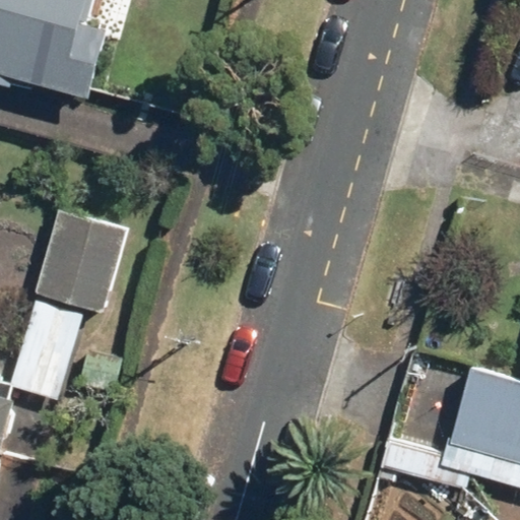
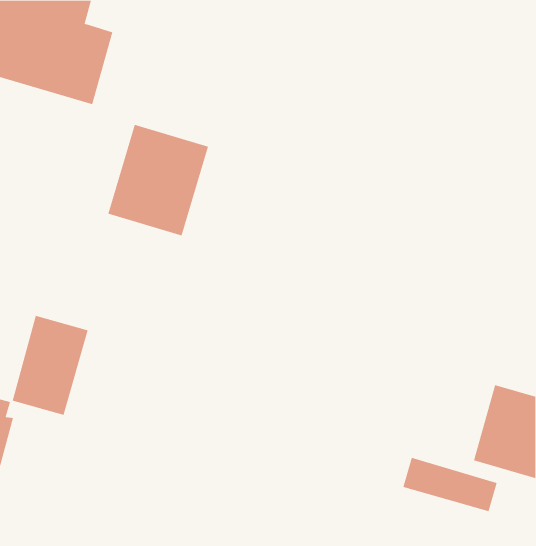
building: [34,207,130,314] -> [107,124,209,236]

